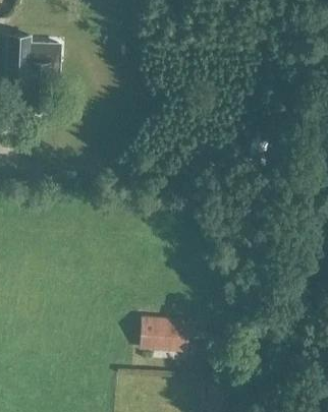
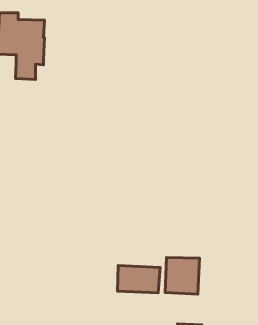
building: none -> [165,258,199,294]

